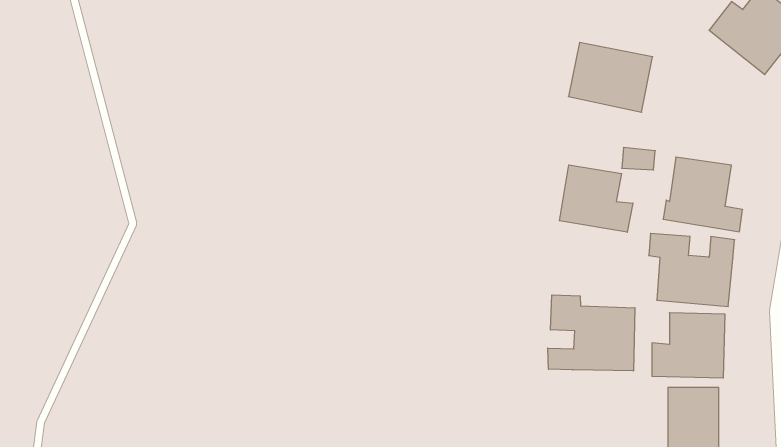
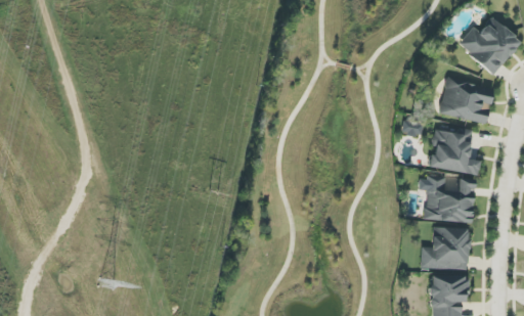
building: [568,42,653,112] -> [440,79,494,124]
building: [559,165,633,232] -> none
building: [548,295,635,371] -> none

